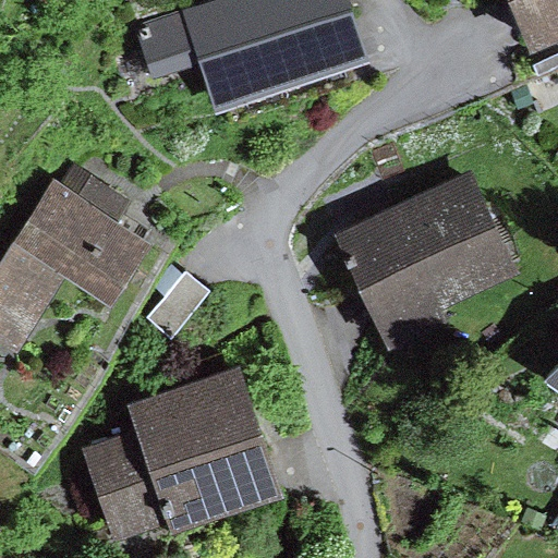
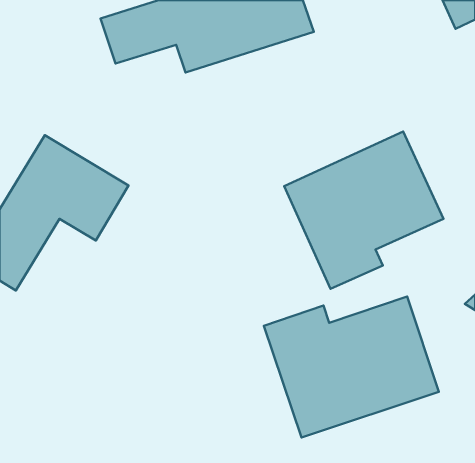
building: none -> [264,296,439,437]
building: [84,365,287,544] -> none

